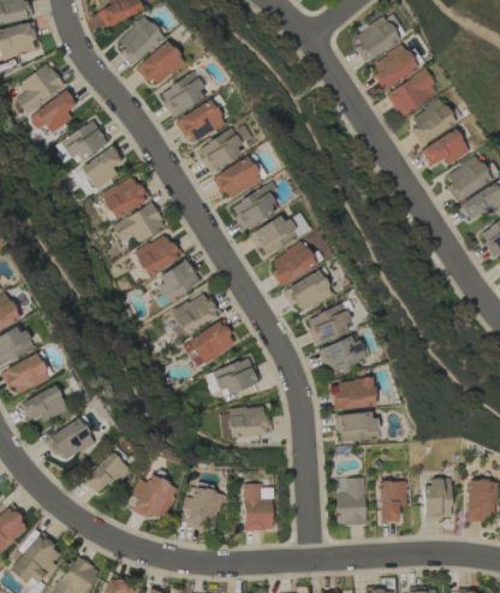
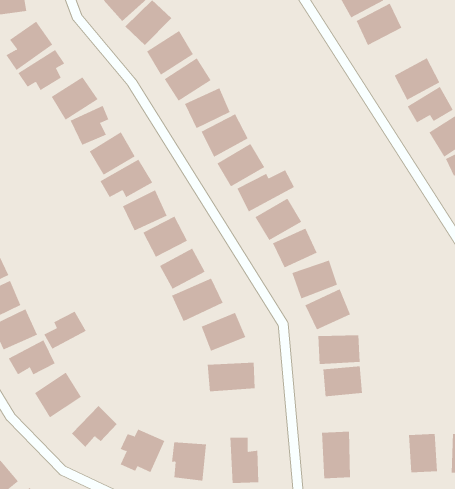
building: [386,69,440,118] -> none
building: none -> [44,311,86,349]
building: [380,481,407,522] -> none

